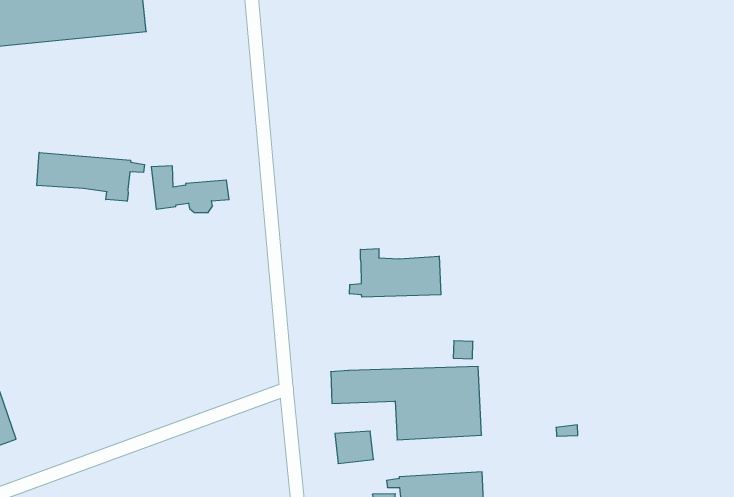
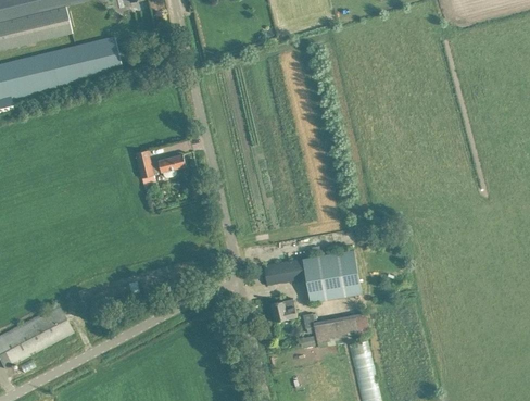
building: [37,152,145,201] -> none
building: [350,249,441,297] -> none

